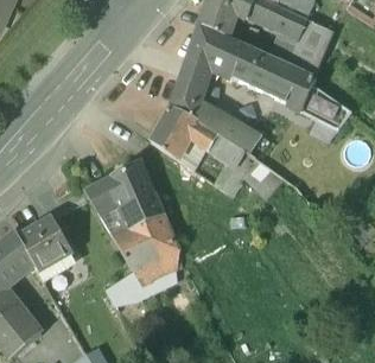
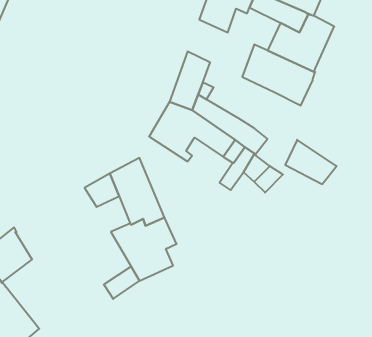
building: [188,25,254,82] -> none
building: [300,85,351,129] -> [285,140,337,184]
building: [17,216,71,280] -> none

